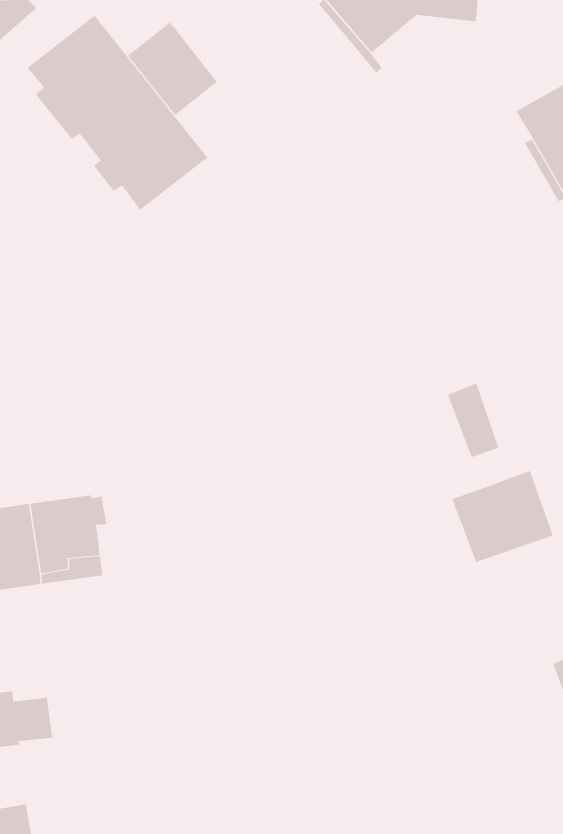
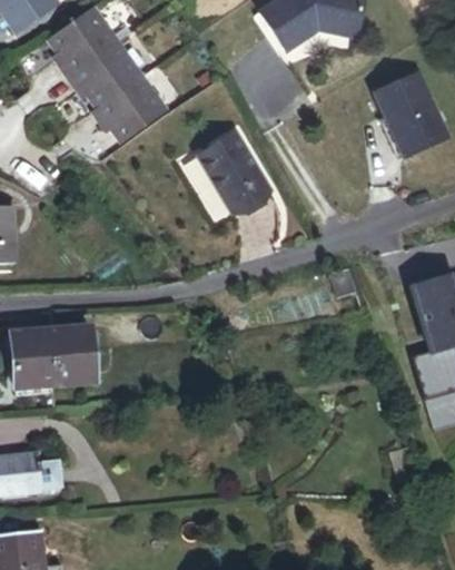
building: [127,22,217,116] -> none
building: none -> [190,137,261,216]
building: [452,470,553,563] -> none

